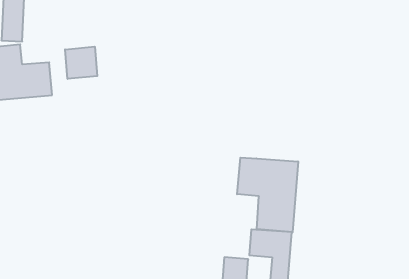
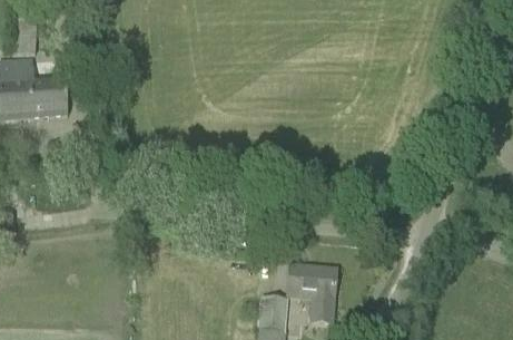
building: [65,47,97,79] -> none
building: [237,158,298,232] -> none

